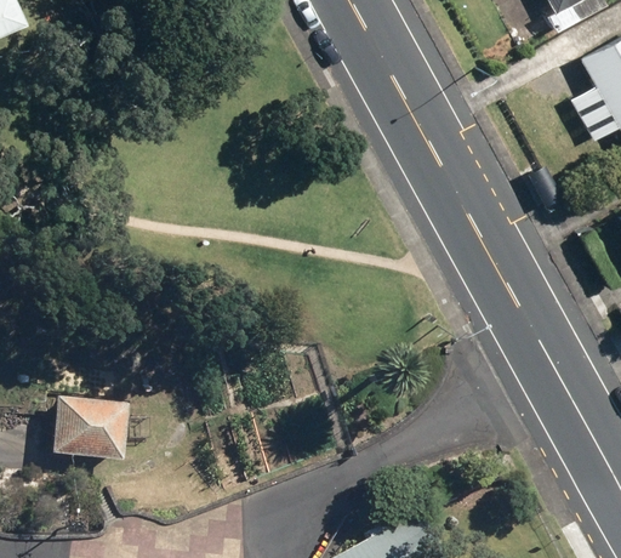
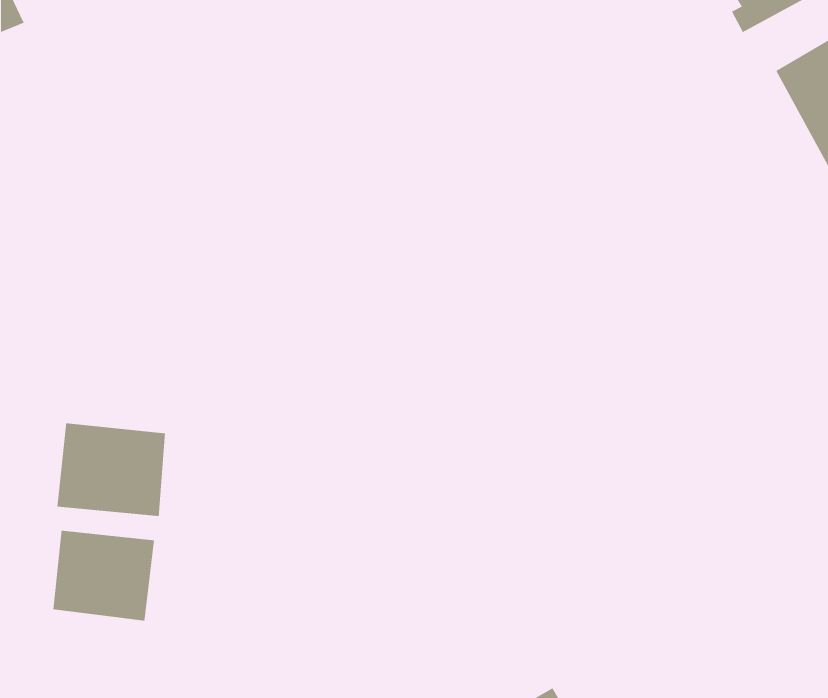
building: none -> [57,422,166,517]

